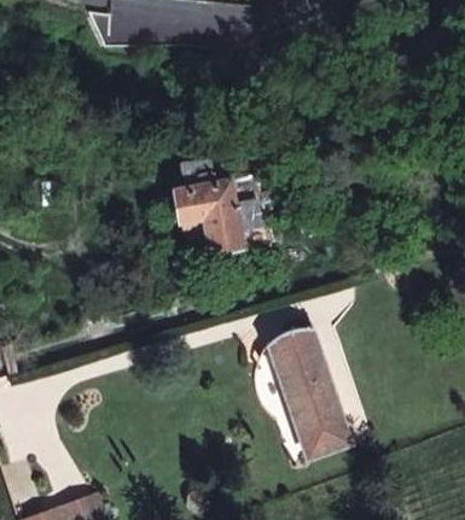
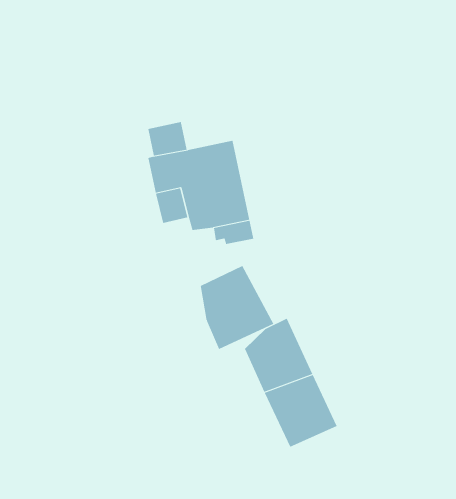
building: none -> [200,265,274,350]
building: [293,419,344,457] -> none

